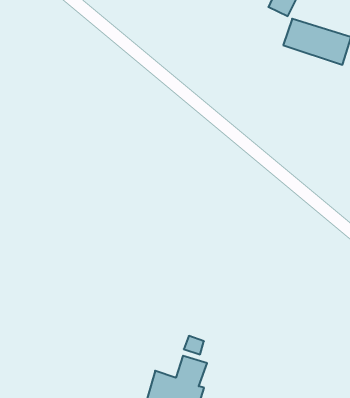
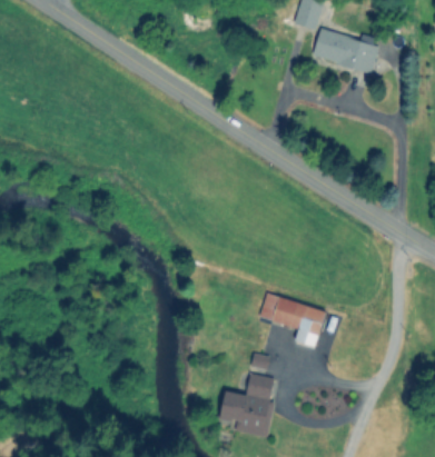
building: none -> [259,294,326,346]

